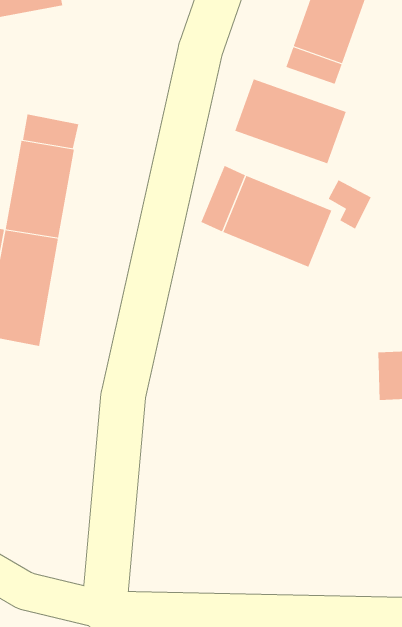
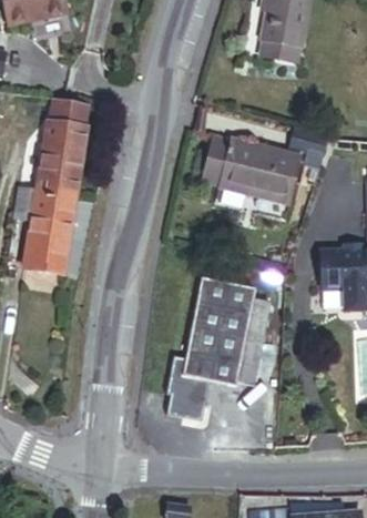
building: [235,78,346,164] -> none
building: none -> [167,280,265,424]

